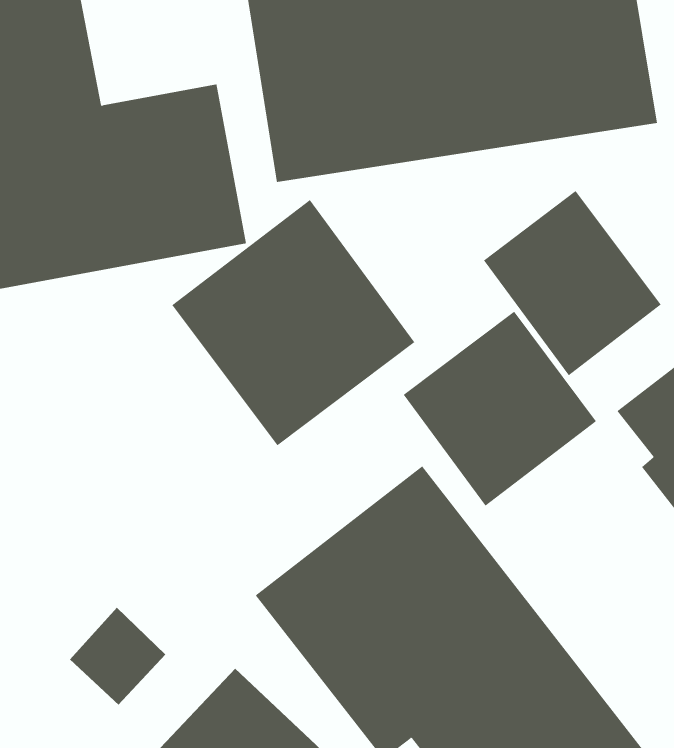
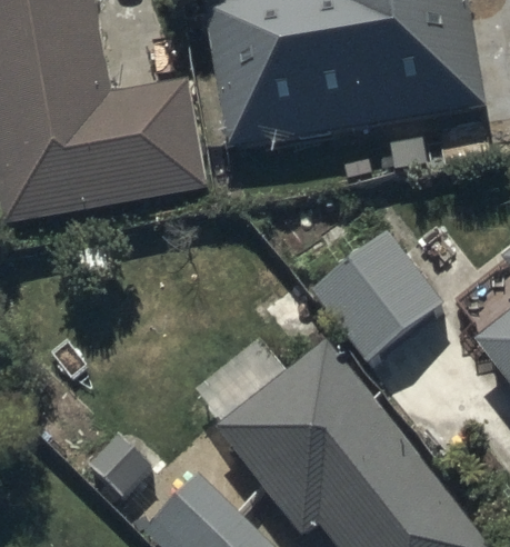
building: [483,190,662,376] -> none
building: [172,199,415,446] -> none

